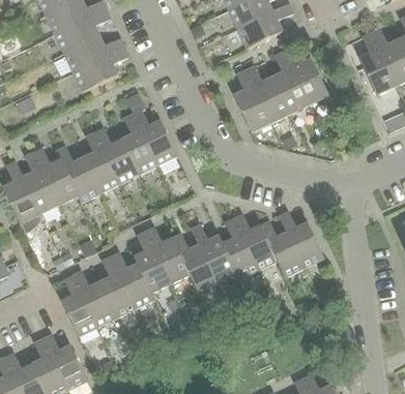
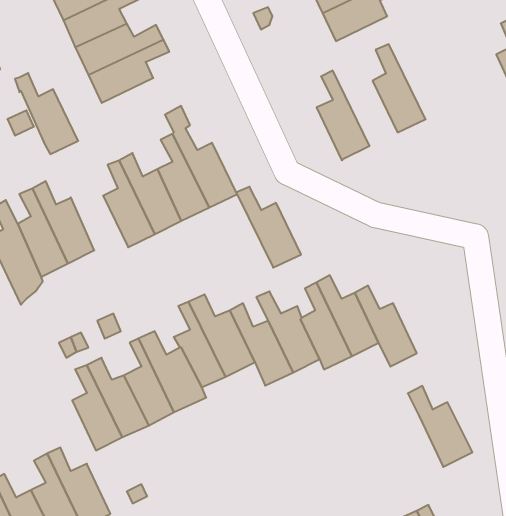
building: [284,46,329,102] -> none
building: [244,64,290,121] -> [236,187,301,268]
building: [56,145,100,202] -> [15,73,78,154]
building: [279,210,324,267] -> [408,386,472,467]

